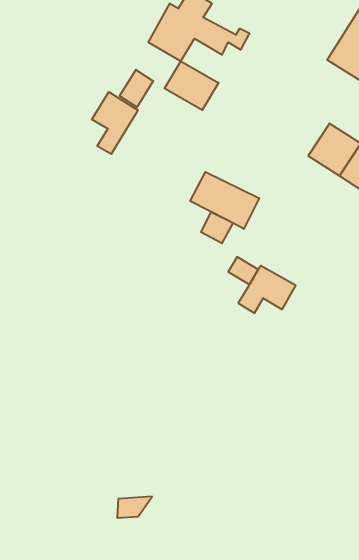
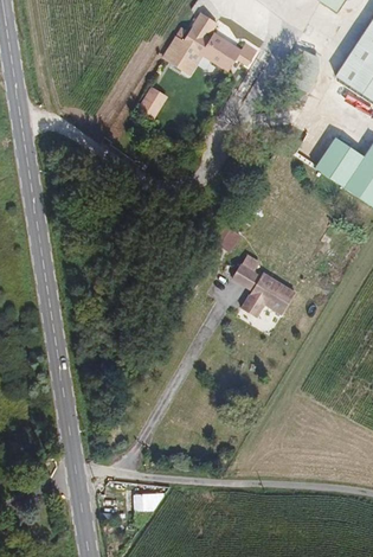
building: [165,61,219,110] -> none
building: [92,92,138,154] -> none
building: [190,172,259,229] -> none

